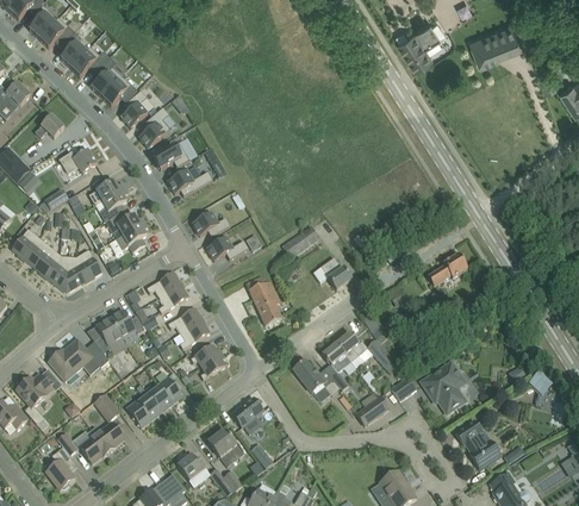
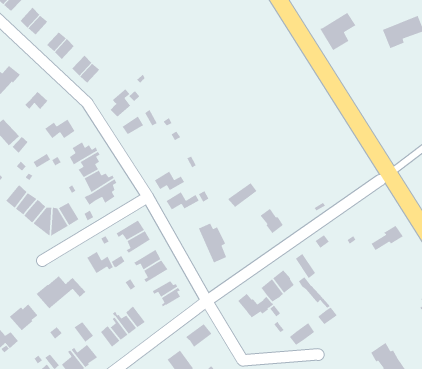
building: [120,89,147,126] -> none
building: [167,169,212,195] -> none
building: [427,252,467,285] -> [370,225,404,251]
building: [93,317,126,354] -> none
building: [421,360,466,412] -> none

